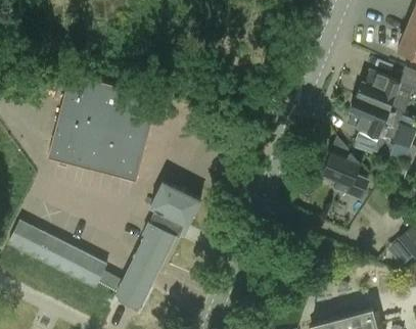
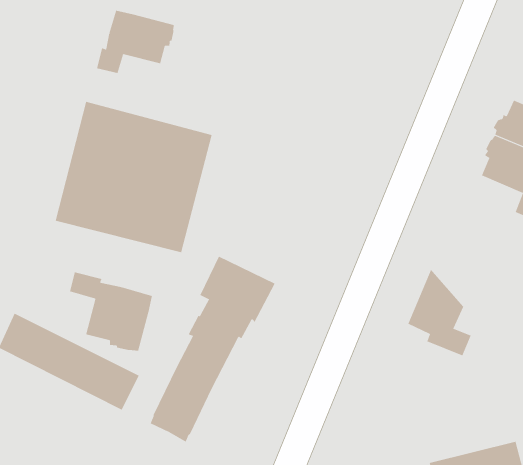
building: none -> [97,10,174,74]
building: [321,138,366,199] -> [407,269,472,356]
building: none -> [69,272,152,352]

